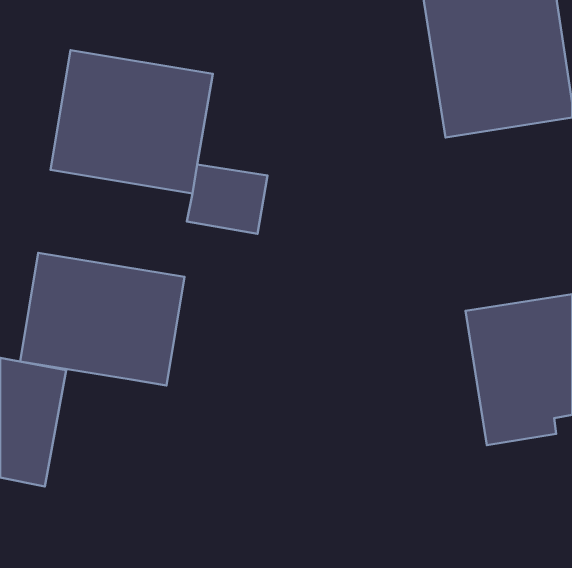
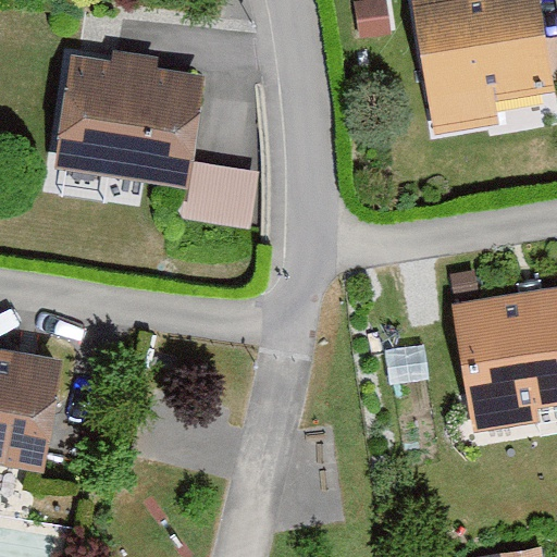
building: [20,253,184,385] -> none

